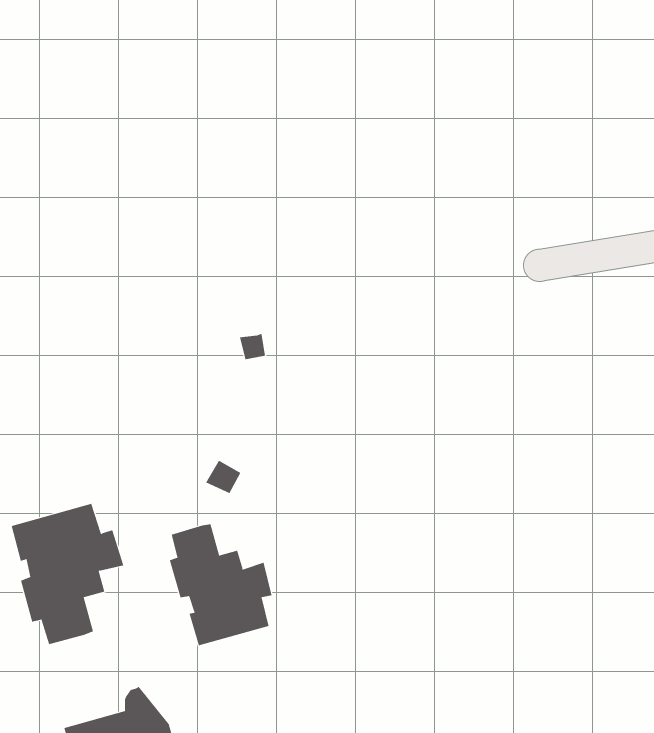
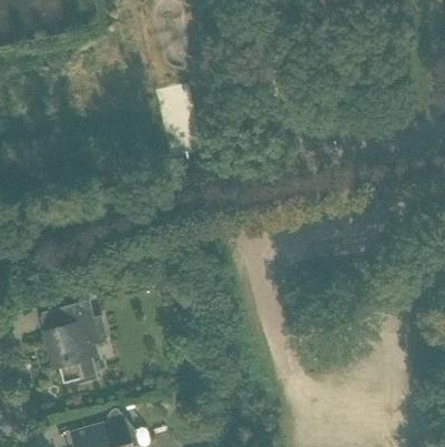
building: [169,523,272,646] -> none

